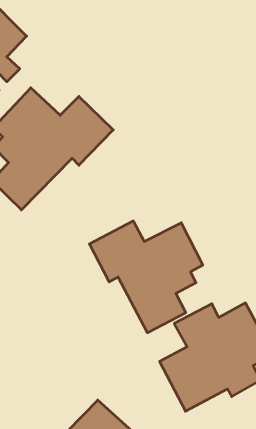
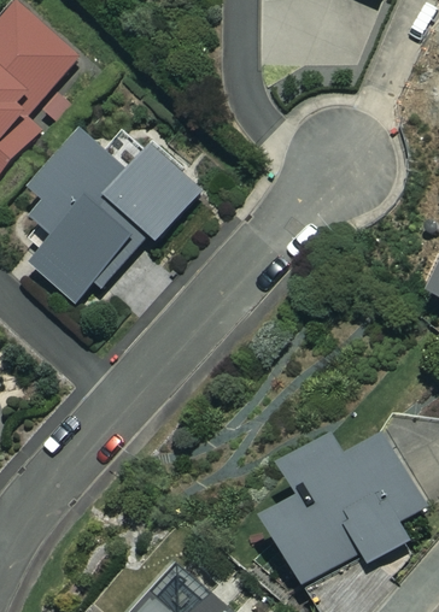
building: [89,221,203,333] -> none

